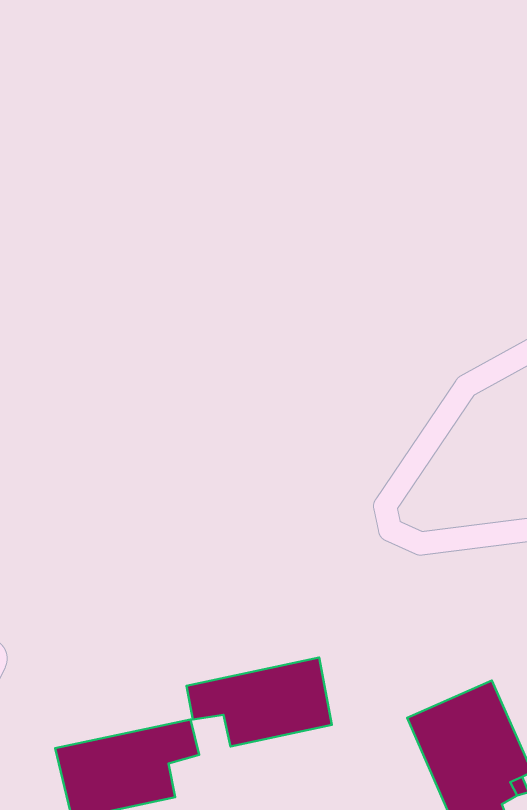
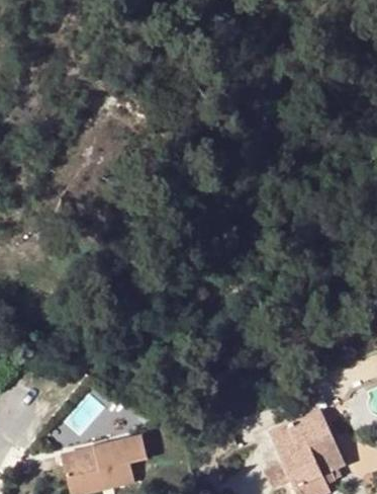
building: [186,657,332,747] -> none

